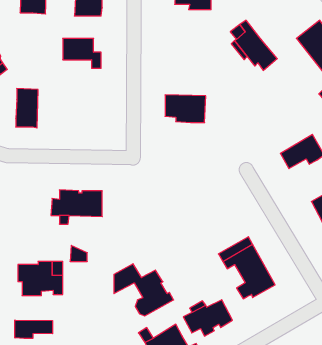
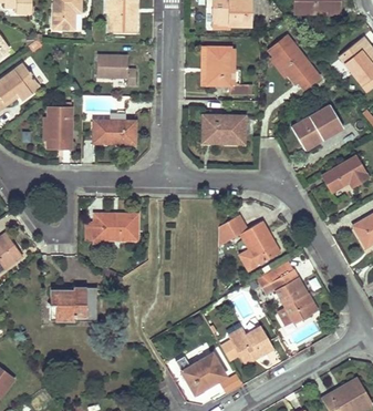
building: none -> [203,47,231,85]
building: none -> [293,105,343,148]
building: none -> [94,111,136,144]
building: [114,264,174,316] -> [219,215,281,269]
building: [15,320,53,338] -> none

